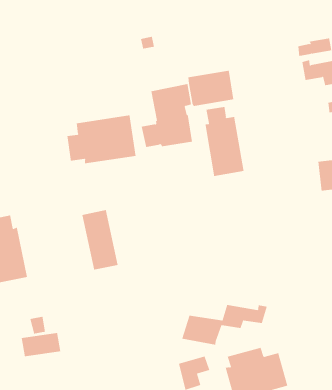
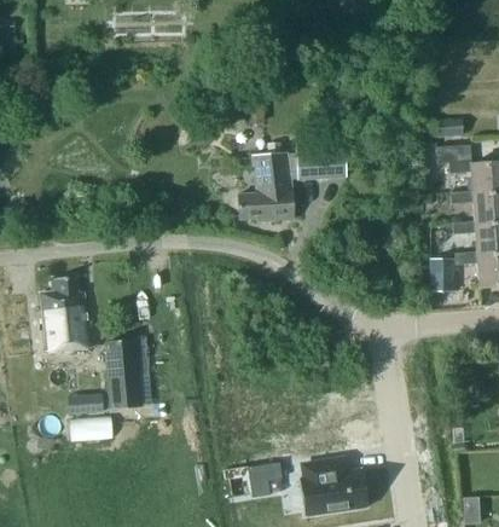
building: [205,106,244,177] -> none
building: [67,115,136,164] -> none
building: [81,210,119,270] -> [106,341,141,407]
building: [181,304,267,345] -> none

